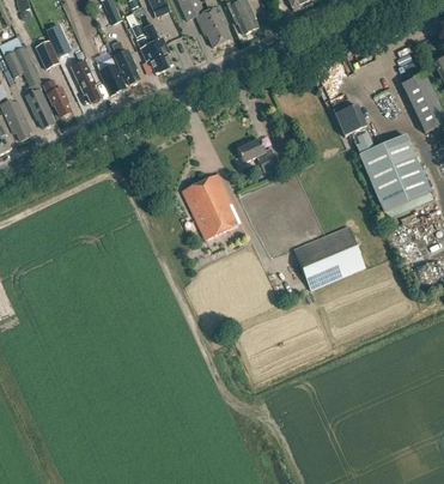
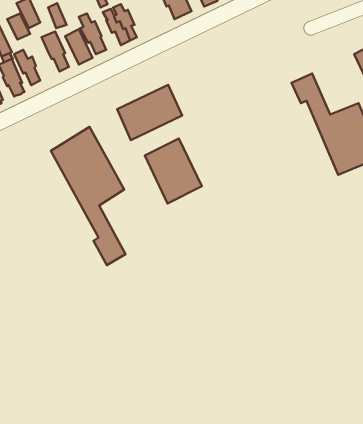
building: none -> [117,85,182,140]
building: [237,138,279,171] -> none
building: none -> [51,127,126,265]
building: [293,226,365,290] -> none

